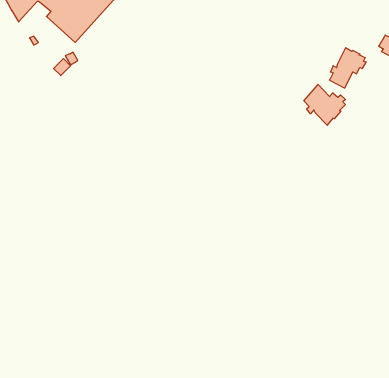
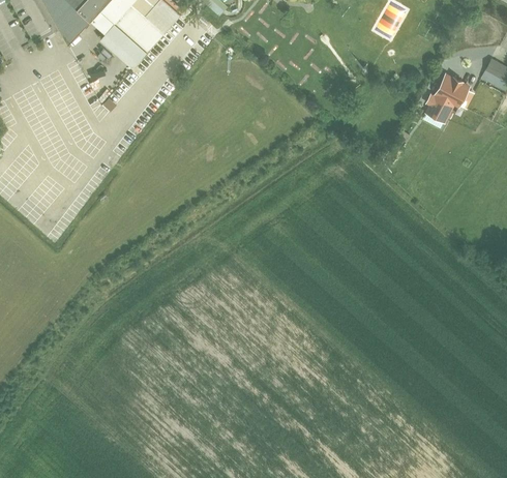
building: [304,84,345,125] -> none

